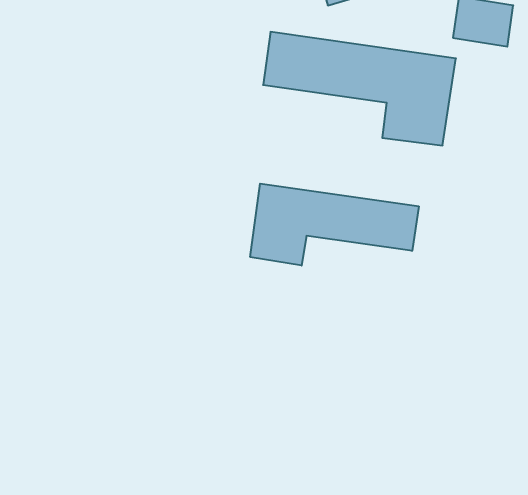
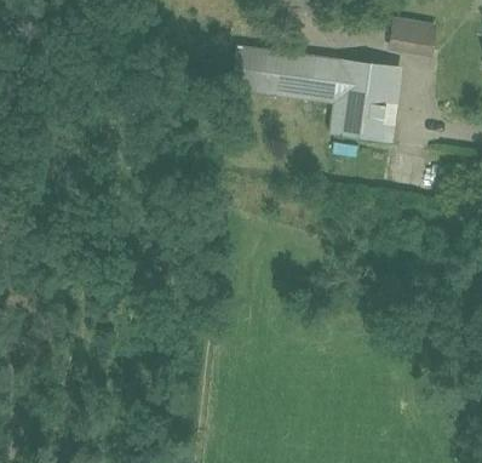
building: [250,184,419,266] -> none

